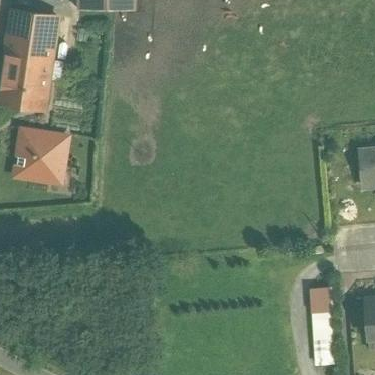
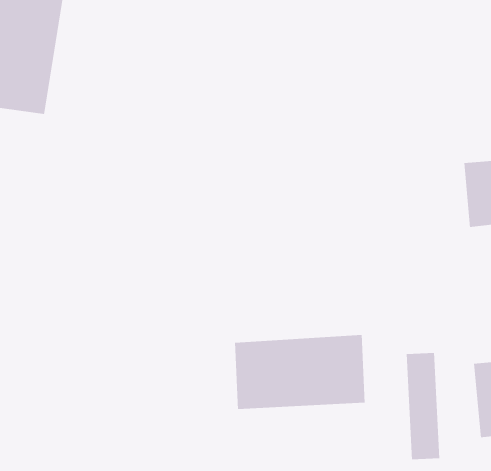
building: [20,128,73,180] -> none
building: none -> [235,334,365,410]

